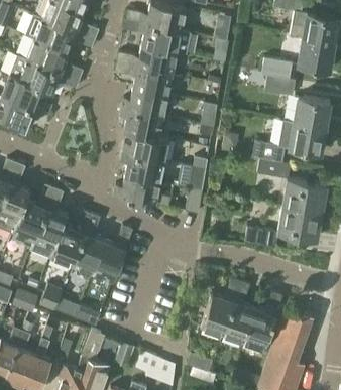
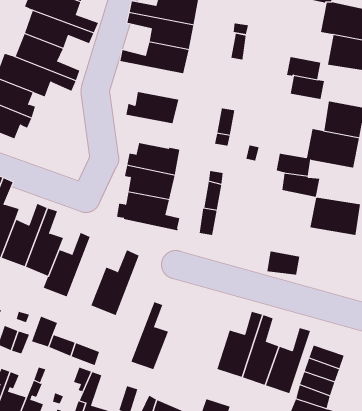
building: [115,62,173,96] -> none
building: [120,109,163,138] -> none
building: [277,207,322,241] -> none
building: [72,215,105,274] -> [130,301,169,370]

